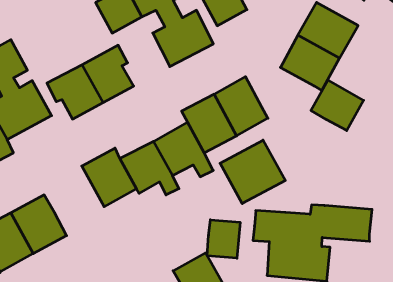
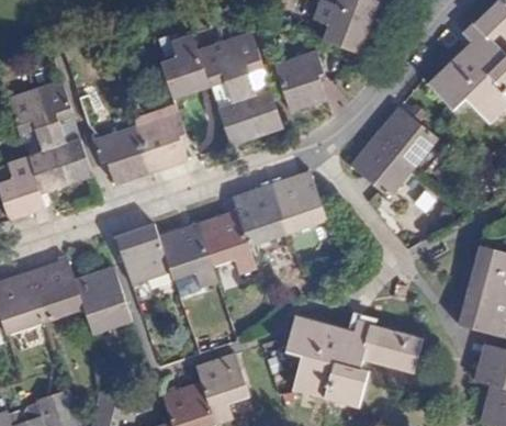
building: [311,80,364,131] -> none
building: [220,140,285,204] -> none
building: none -> [76,268,133,336]
building: [207,220,240,258] -> none

